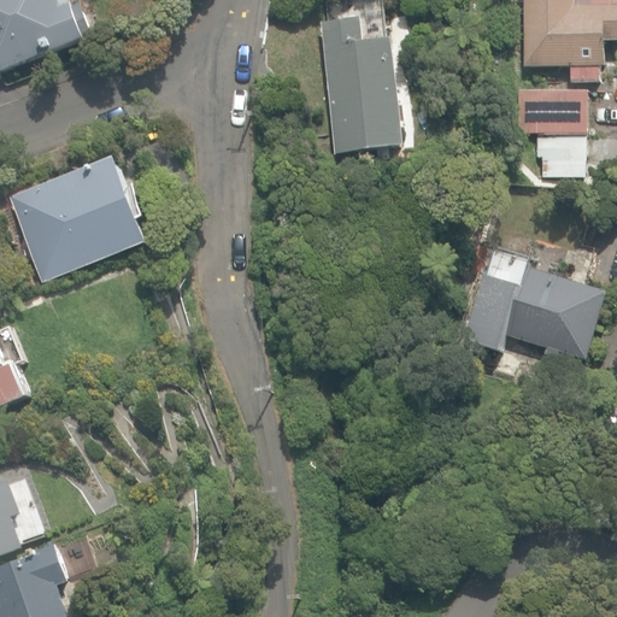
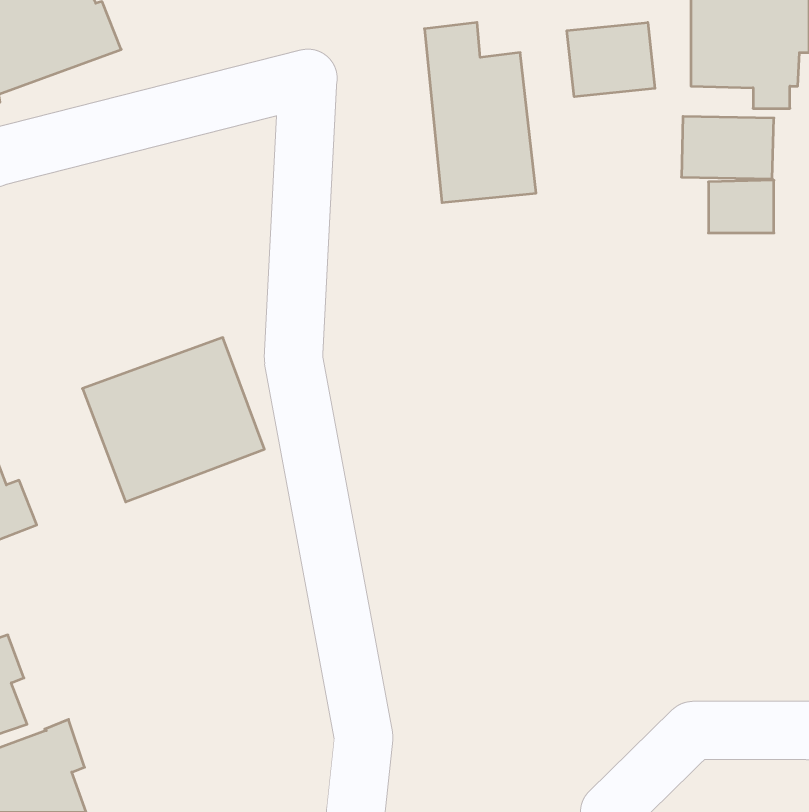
building: none -> [567,22,655,97]
building: [7,158,145,282] -> [82,338,264,502]
building: [484,246,604,358] -> none

